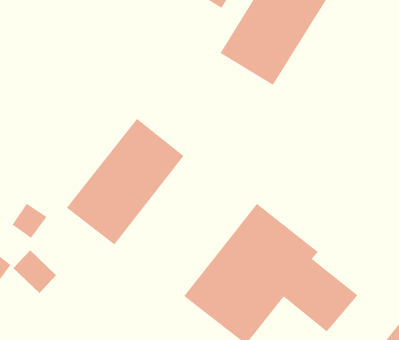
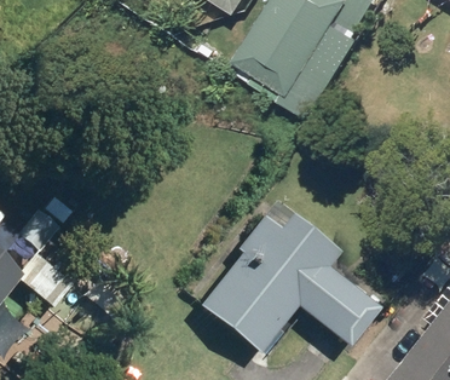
building: [66,118,185,246] -> none

